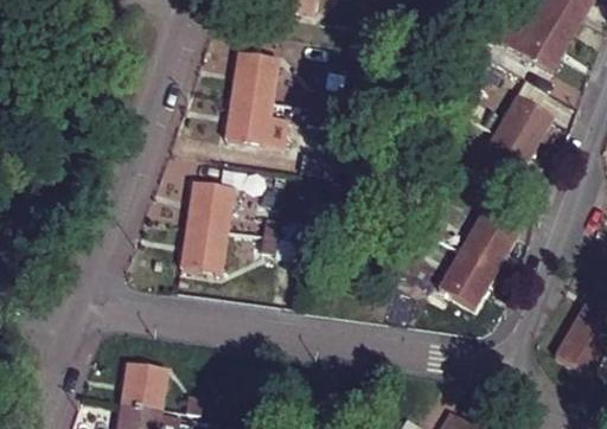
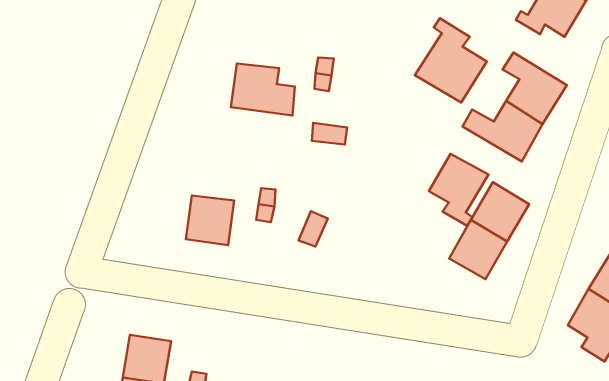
building: none -> [415,18,487,102]
building: [232,51,280,100] -> none
building: [189,173,238,229] -> none
building: none -> [429,154,488,226]

